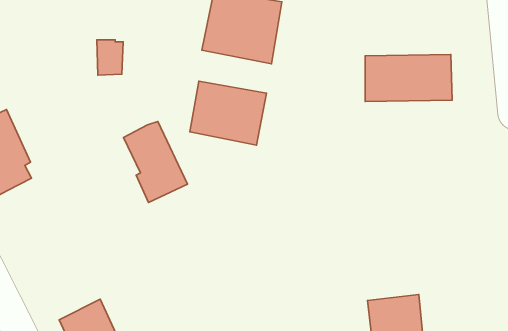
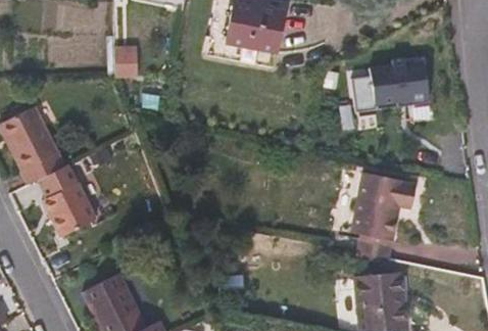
building: [190,81,267,145] -> none
building: [123,121,187,203] -> [36,166,93,238]
building: none -> [351,172,416,258]

